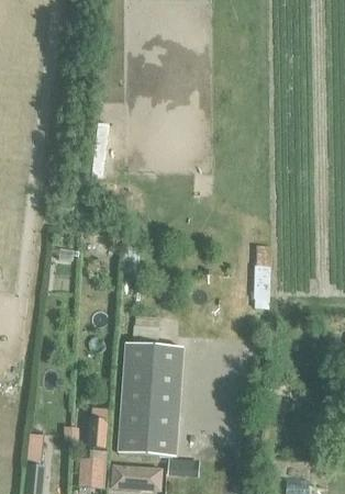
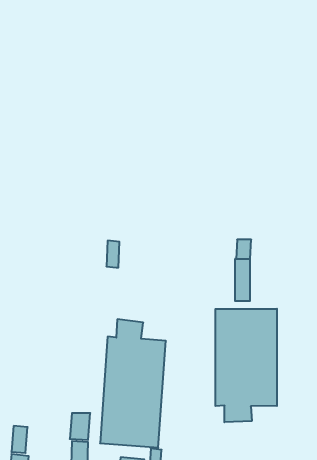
building: none -> [215,309,277,422]

